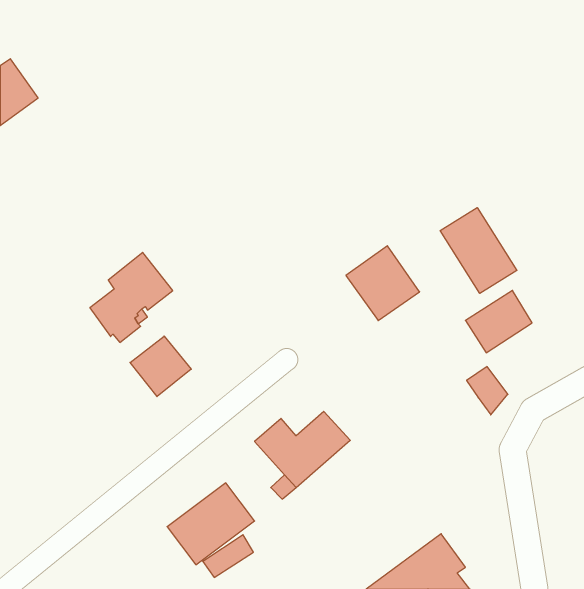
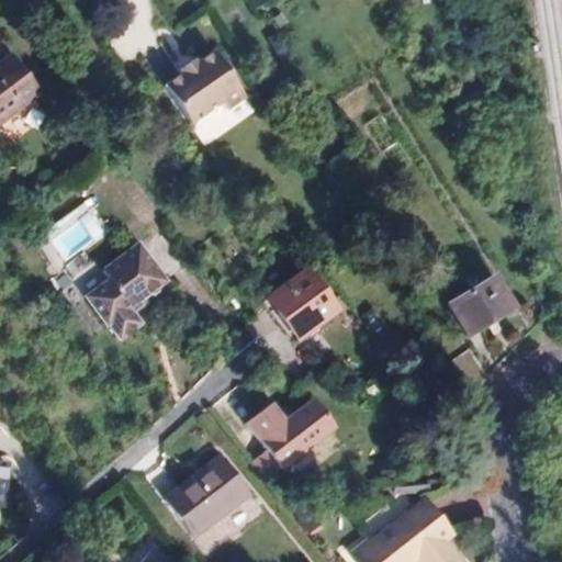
building: none -> [171,52,248,123]
building: [440,208,517,293] -> none
building: [346,246,420,321] -> [269,263,339,335]
building: [130,336,191,397] -> none

